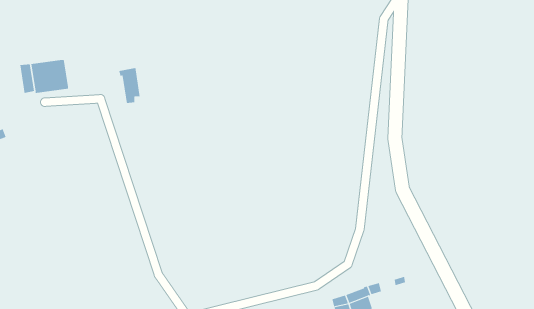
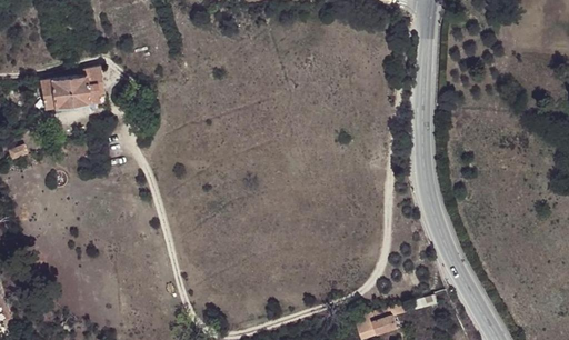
building: [119,67,140,104] -> [80,64,102,101]

